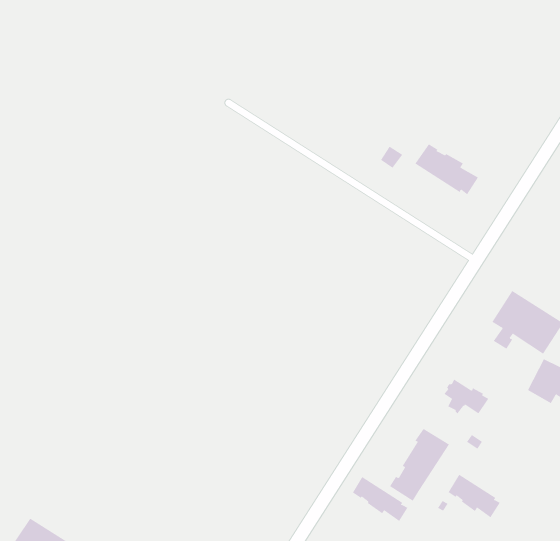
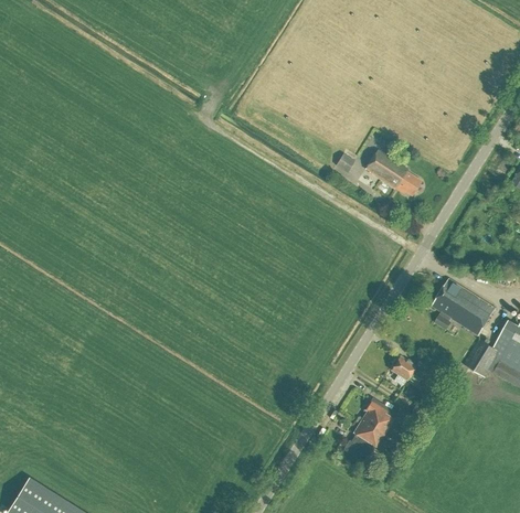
building: [448,474,501,518] -> none
building: [352,476,408,522] -> none

